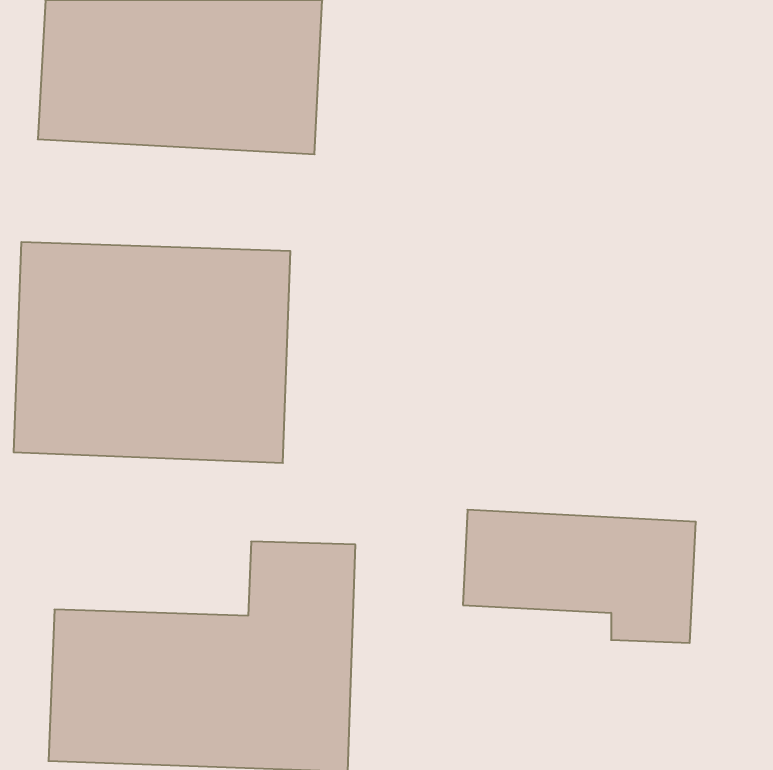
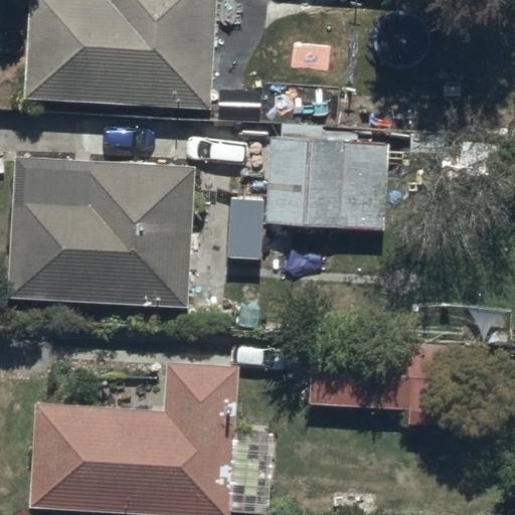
building: none -> [265,117,384,220]

